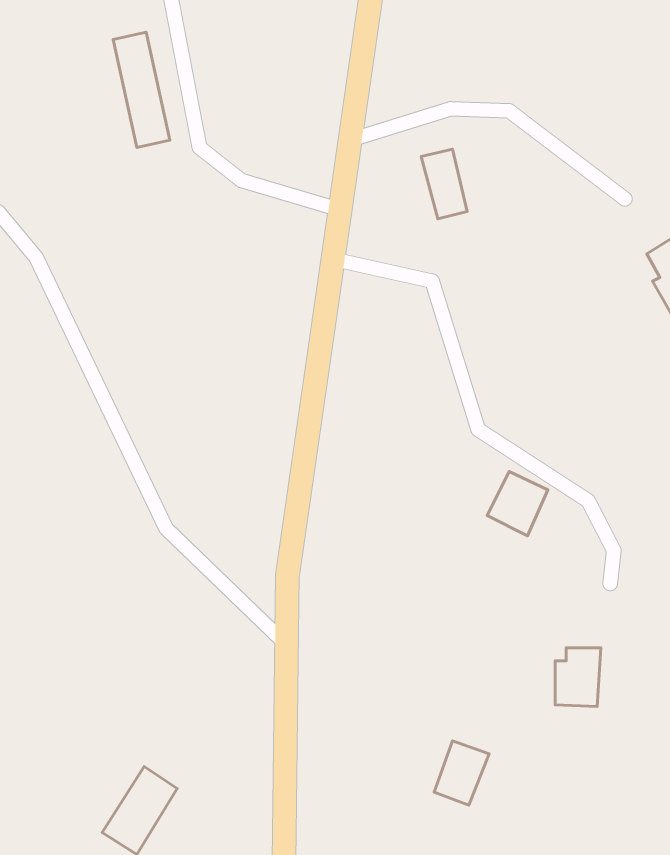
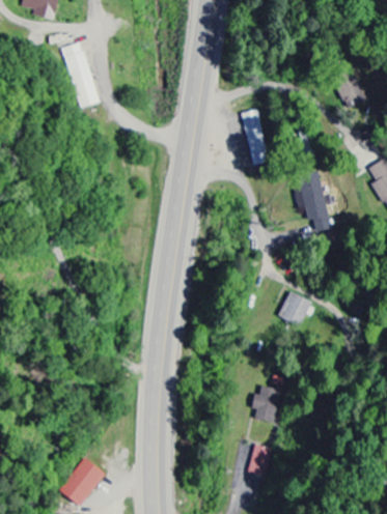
building: none -> [334,66,369,108]
building: none -> [294,172,327,221]
building: [555,648,601,707] -> [254,388,280,421]

